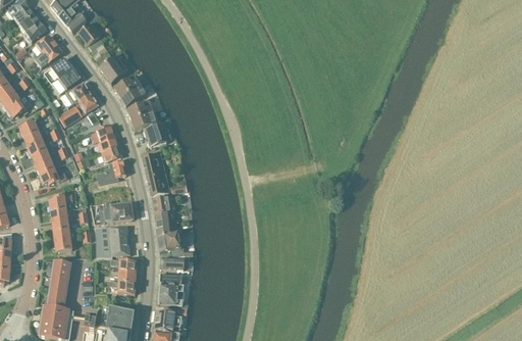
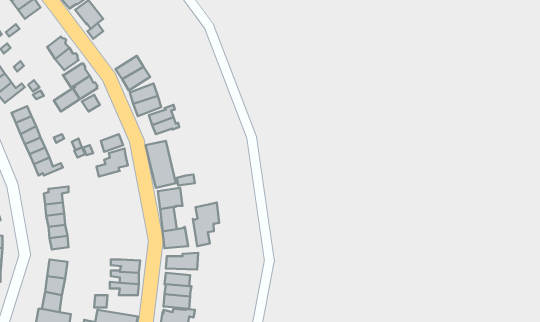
building: [35,35,62,68] -> none
building: [99,54,127,83] -> none
building: [96,125,117,152] -> none
building: [91,202,133,225] -> none
building: none -> [193,203,219,246]
building: [96,227,129,258] -> none

